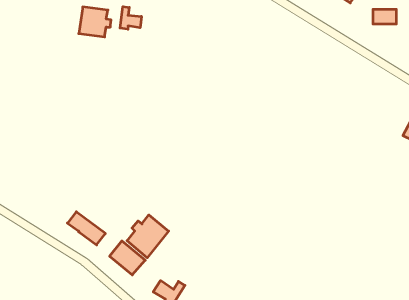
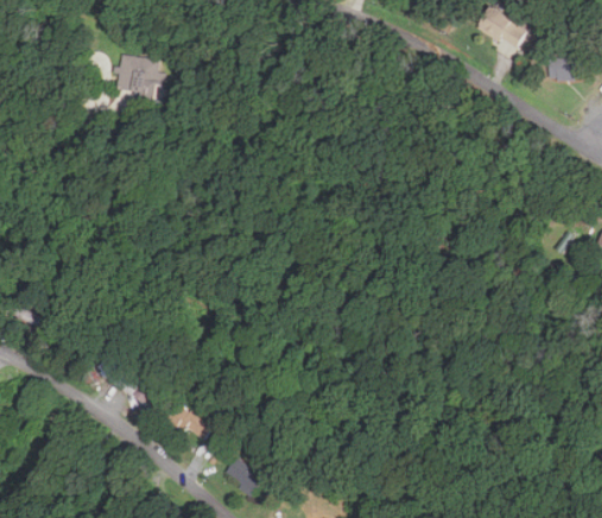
building: [120,7,141,29] -> none
building: [127,215,169,258] -> none

